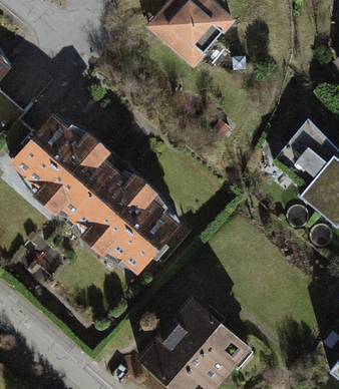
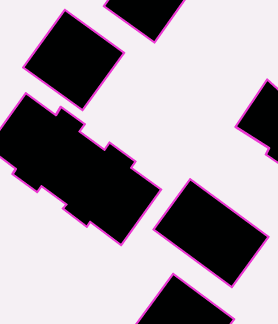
building: none -> [23,10,124,110]
building: none -> [154,179,269,287]

